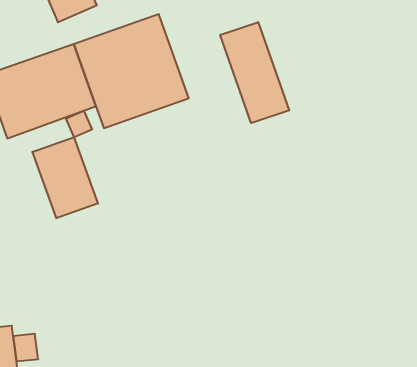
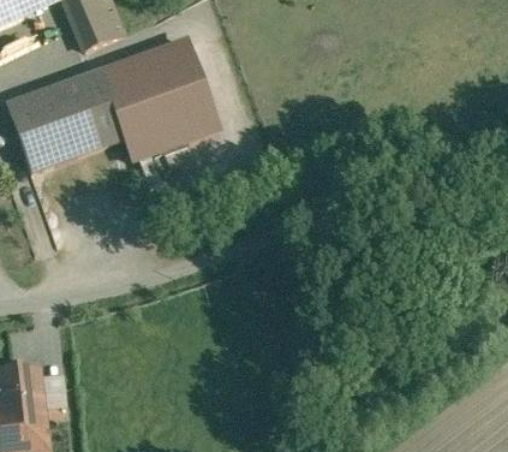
building: [220,22,289,123] -> none
building: [32,137,98,218] -> none

